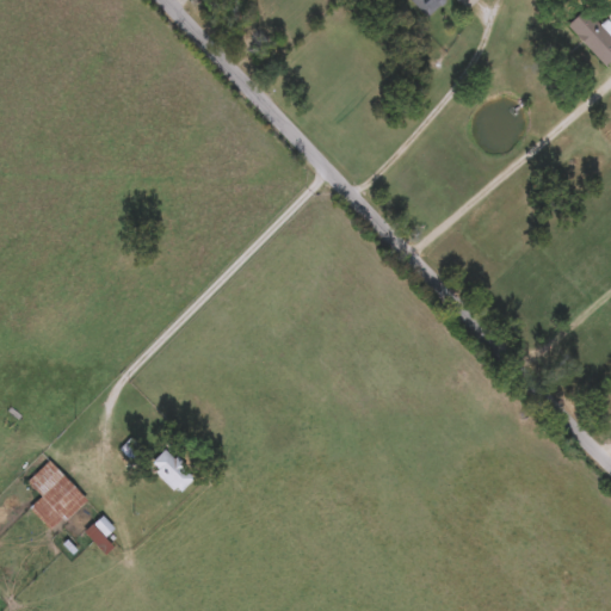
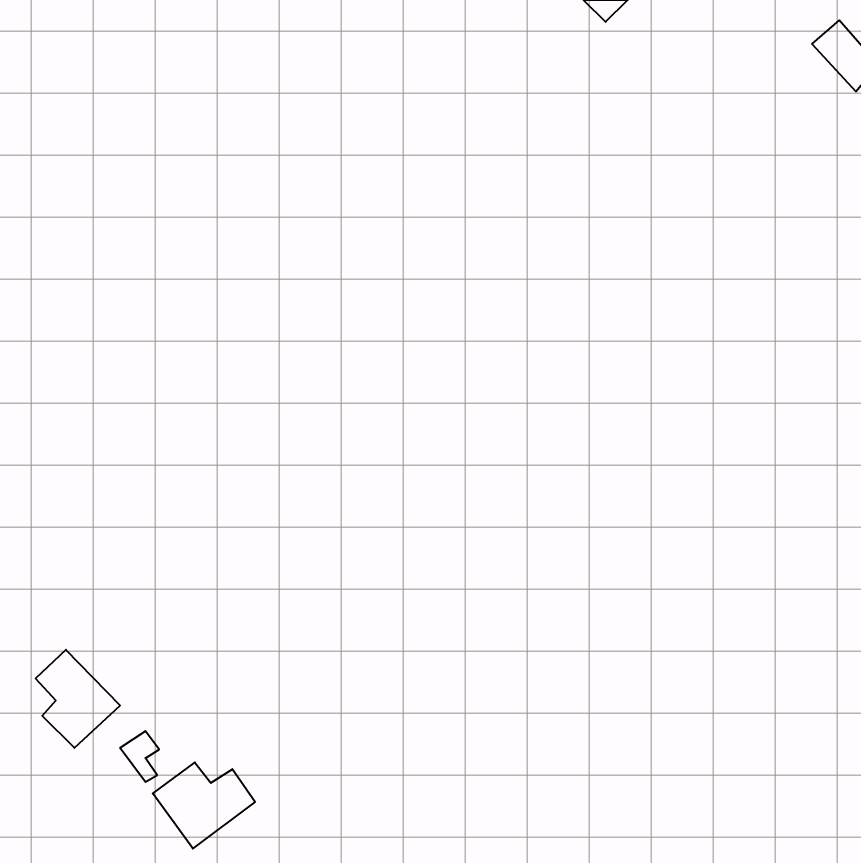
building: [150,446,196,493] -> none
building: none -> [153,762,255,849]

